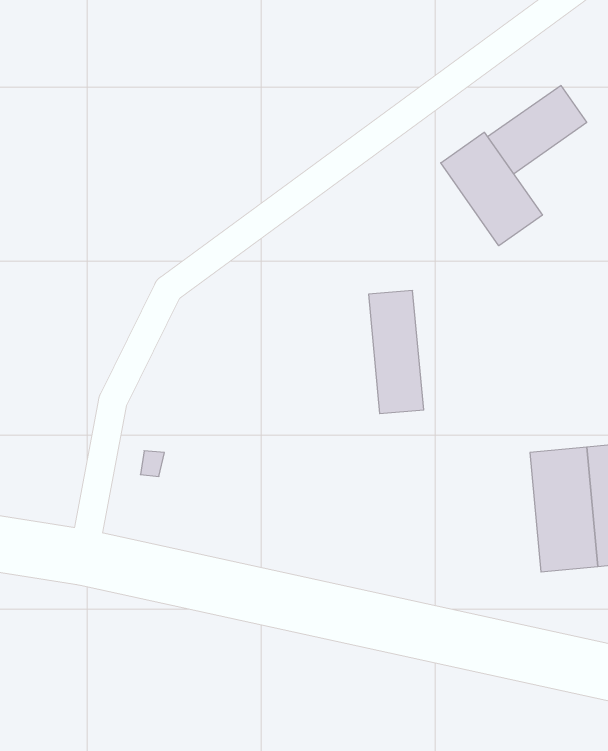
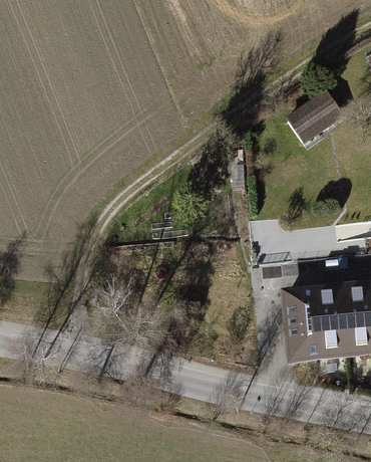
building: [441,132,542,246] -> none
building: [369,291,424,414] -> [284,293,314,361]

